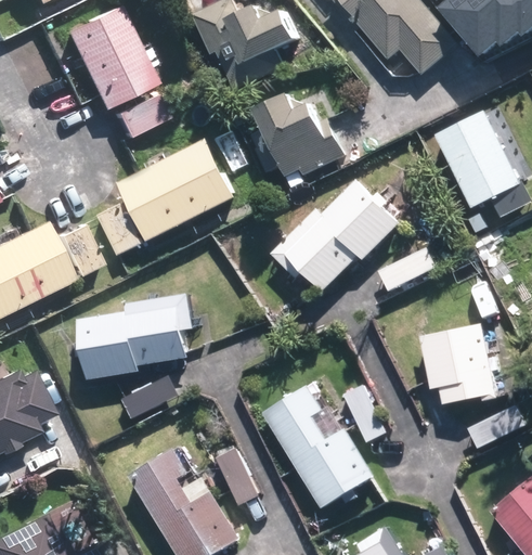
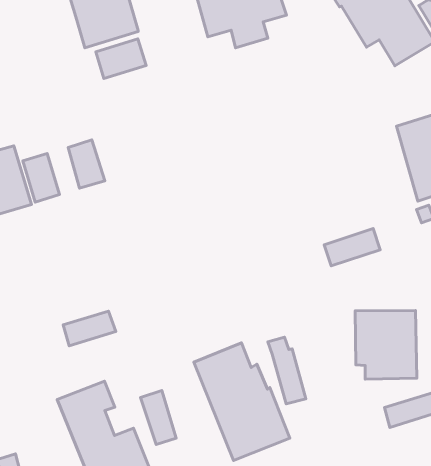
building: [250,96,345,177] -> none
building: [117,139,234,241] -> none
building: [271,181,399,291] -> none
building: [80,292,195,378] -> none

